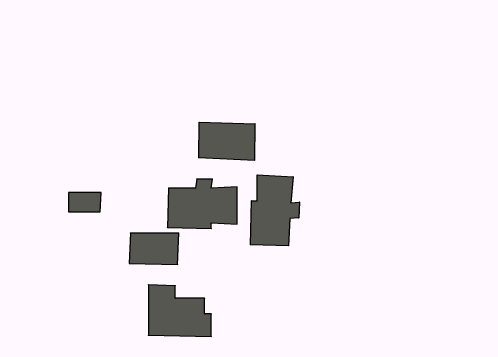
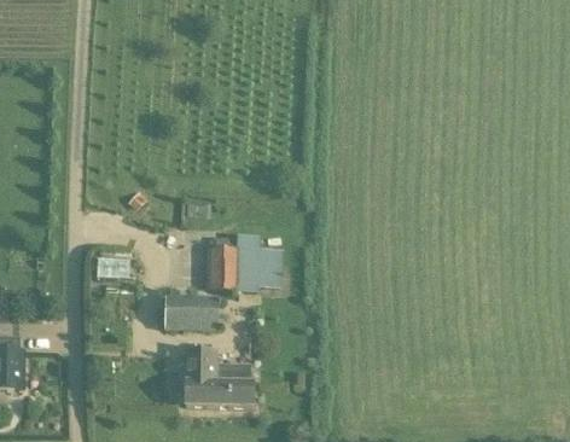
building: [199,122,255,160] -> none
building: [250,175,299,246] -> none

